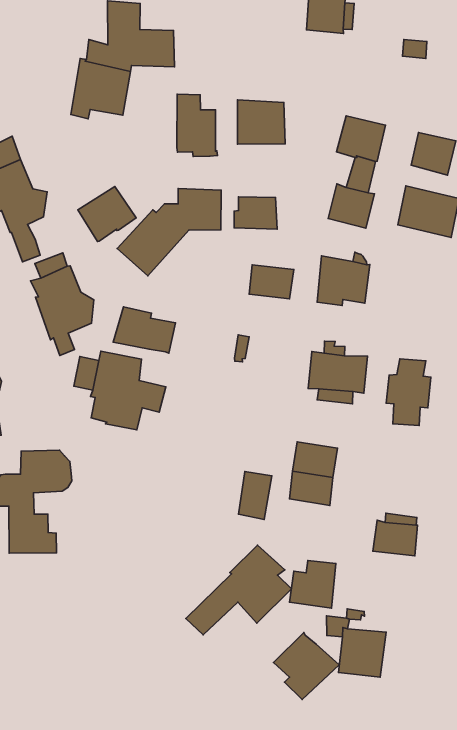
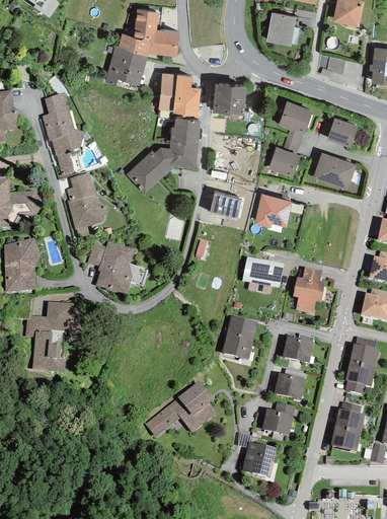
building: none -> [158,73,176,110]
building: [78,187,136,242] -> none
building: [234,197,277,229] -> [170,118,200,142]
building: [113,307,176,353] -> none
building: none -> [282,333,314,362]
building: [239,472,272,519] -> none
building: [290,560,336,608] -> [261,401,295,435]
building: [273,633,339,699] -> none

